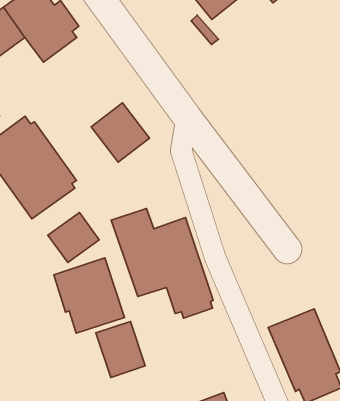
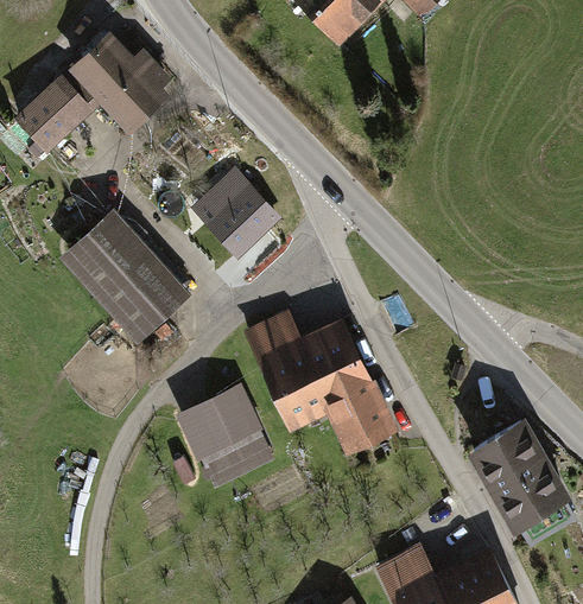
building: [48,213,99,263] -> none
building: [96,321,145,377] -> none

